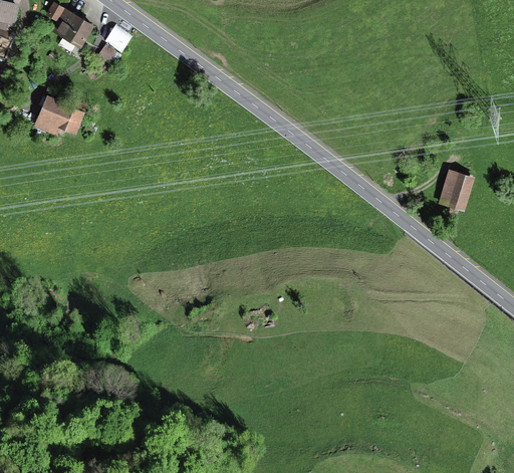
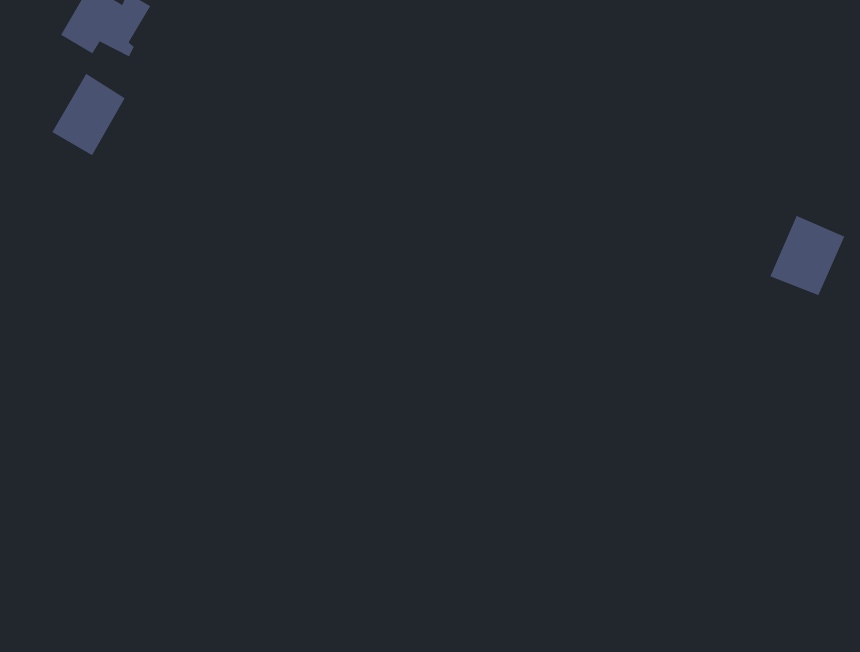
building: none -> [51,73,125,156]

